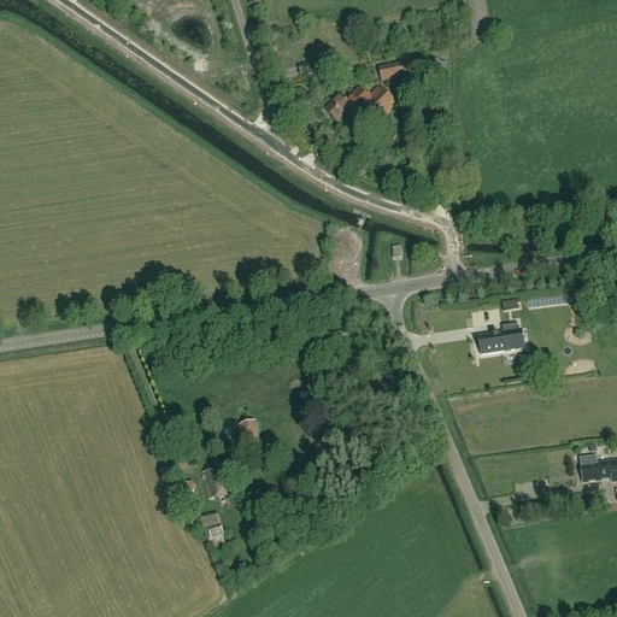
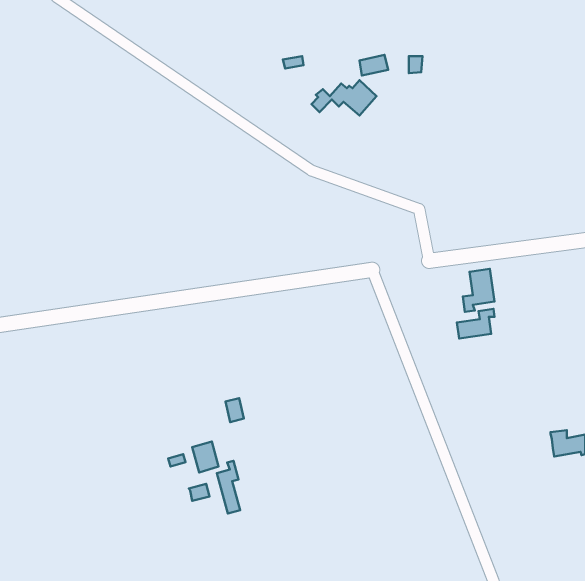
building: none -> [463,269,494,312]
building: none -> [217,461,240,514]

